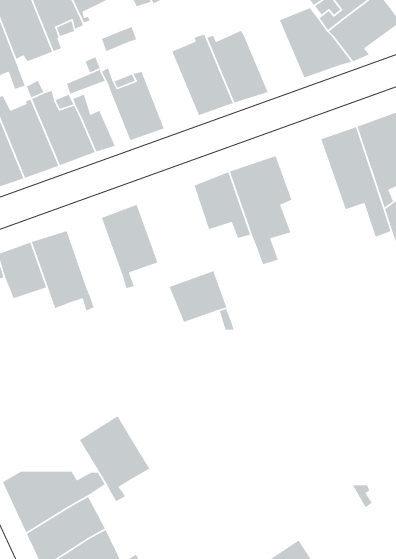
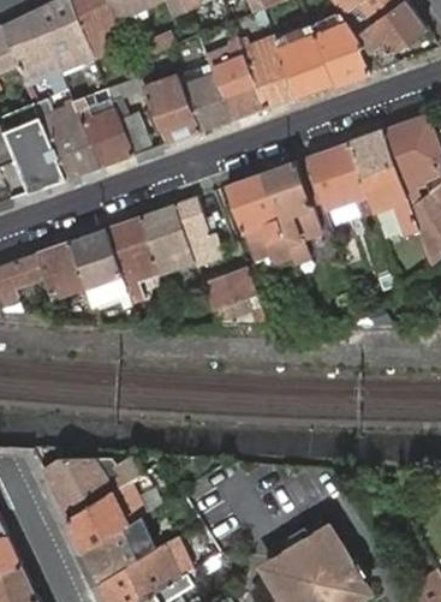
building: none -> [274,26,332,97]
building: none -> [173,58,231,132]
building: none -> [305,142,371,225]
building: none -> [172,196,222,267]
building: none -> [105,217,157,285]
building: none -> [240,222,290,269]
building: [79,415,150,502] -> none

